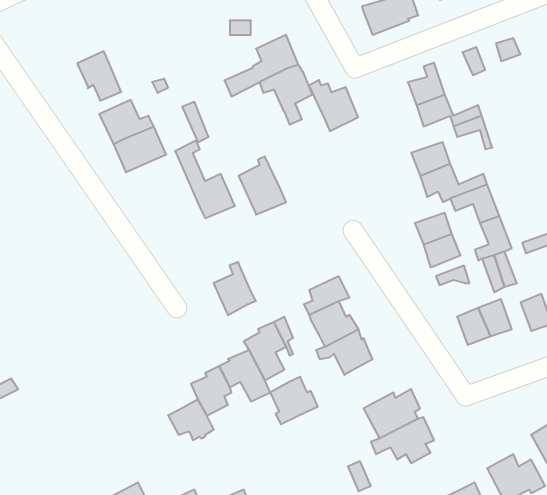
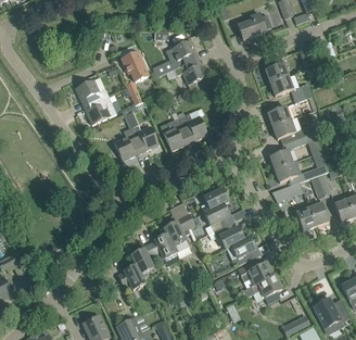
building: [77,51,121,101] -> [122,51,149,81]
building: [309,80,358,131] -> [177,111,207,142]
building: [214,262,256,315] -> [114,128,140,161]
building: [270,377,318,424] -> [231,236,260,265]

